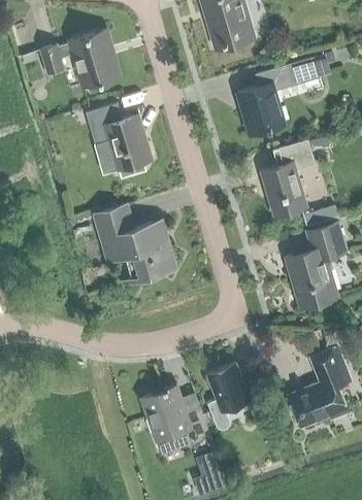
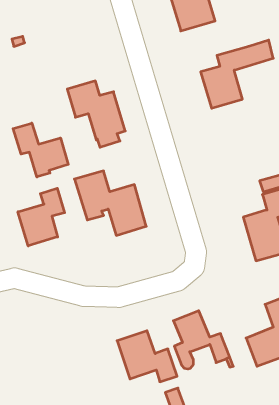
building: [40,30,114,87] -> none
building: [260,140,316,216] -> none
building: none -> [13,123,68,177]
building: none -> [18,188,65,246]

